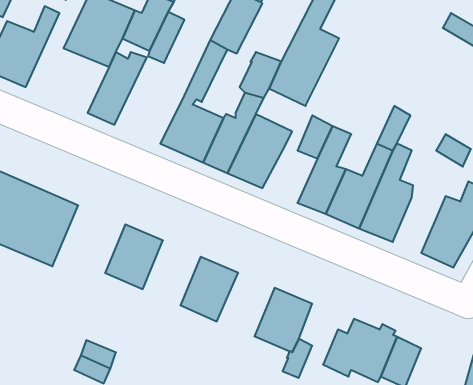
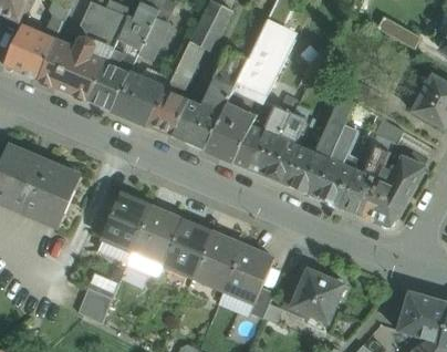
building: none -> [51,46,106,100]
building: none -> [115,75,166,125]
building: none -> [232,126,278,174]
building: none -> [340,145,389,215]
building: none -> [134,205,181,258]
building: none -> [195,231,242,283]

